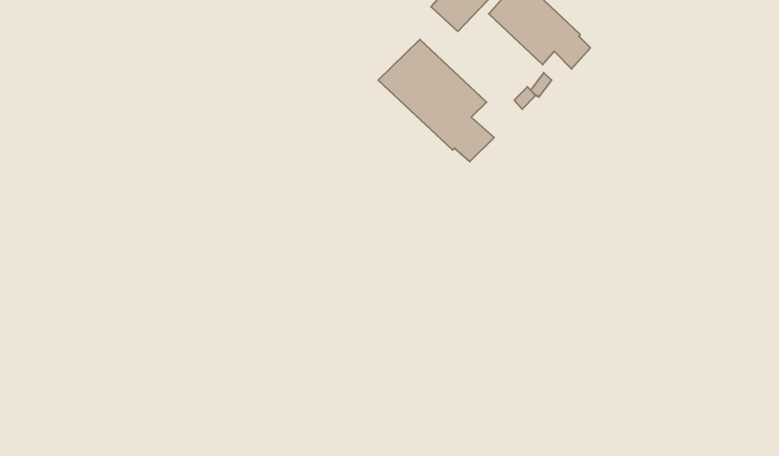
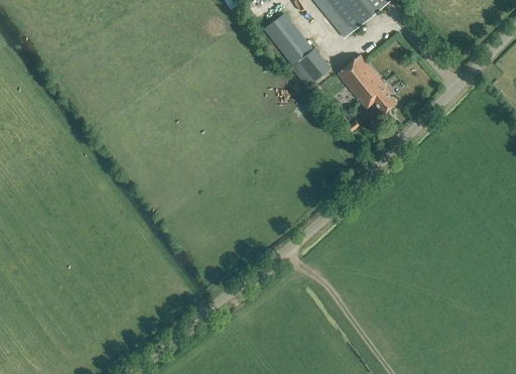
building: [378,39,494,162] -> none

